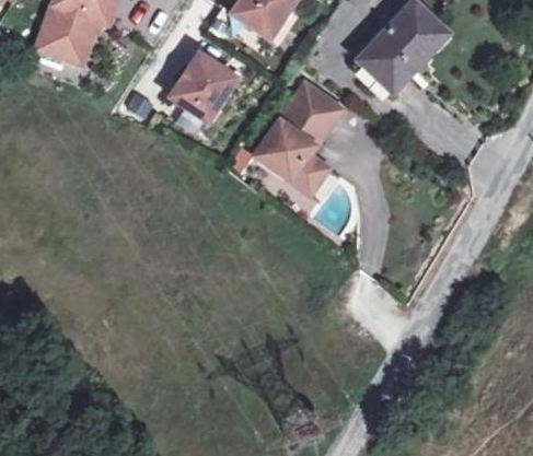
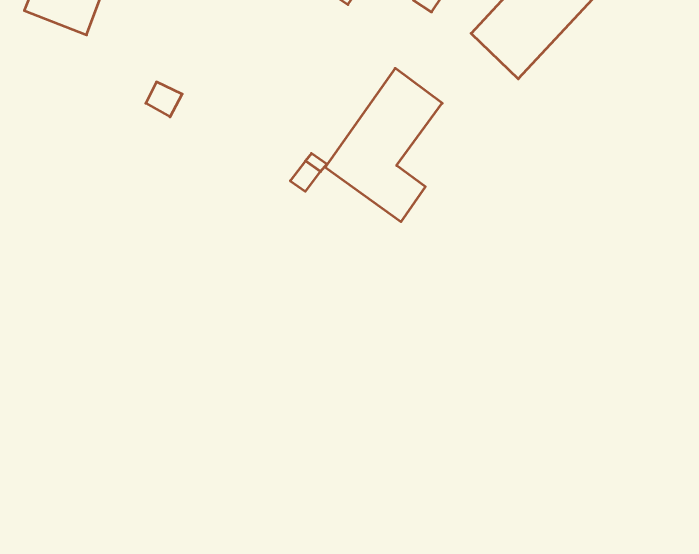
building: [169,52,235,121] -> none

